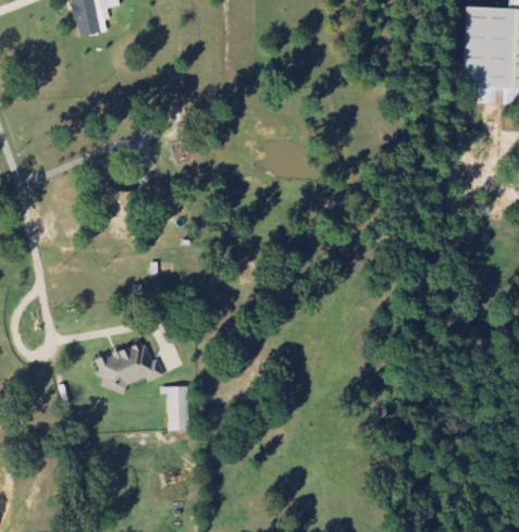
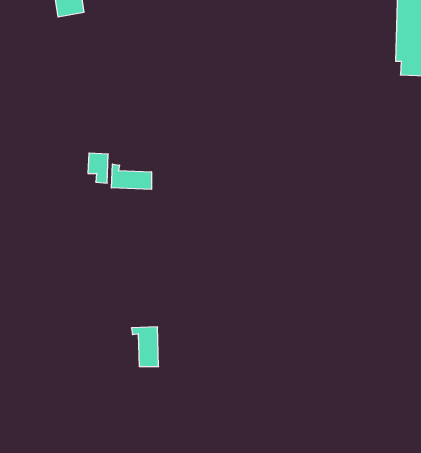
building: none -> [111,164,151,189]
building: [95,343,156,391] -> none

